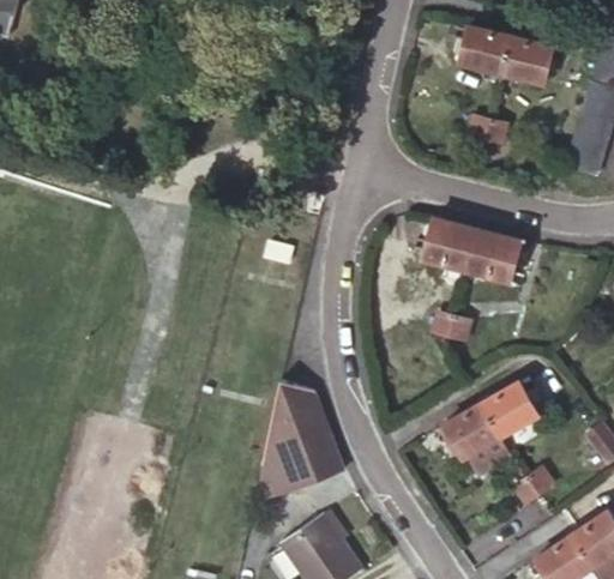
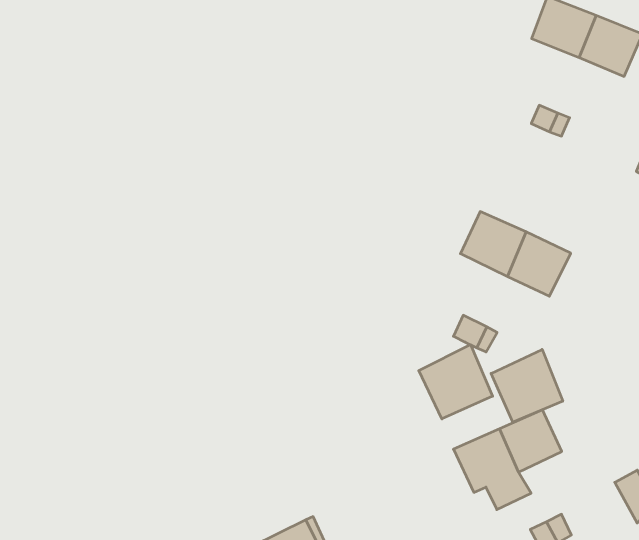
building: none -> [491,349,563,422]
building: none -> [419,345,493,419]
building: [264,380,345,493] -> none

